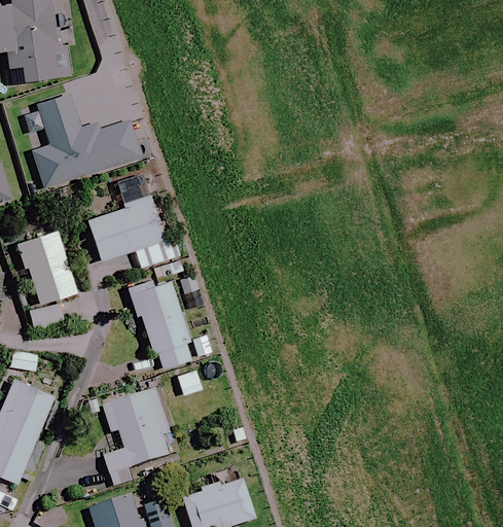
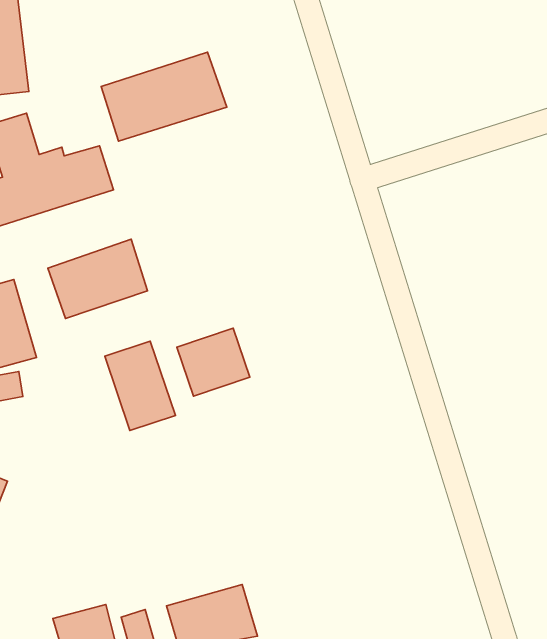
building: none -> [101,52,227,141]
building: none -> [177,328,250,396]
building: [104,387,170,488] -> none

